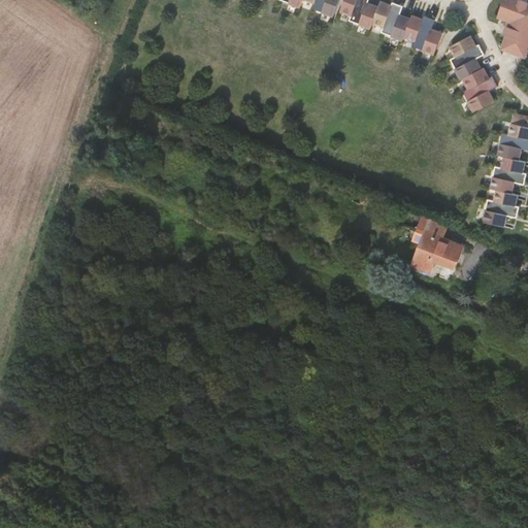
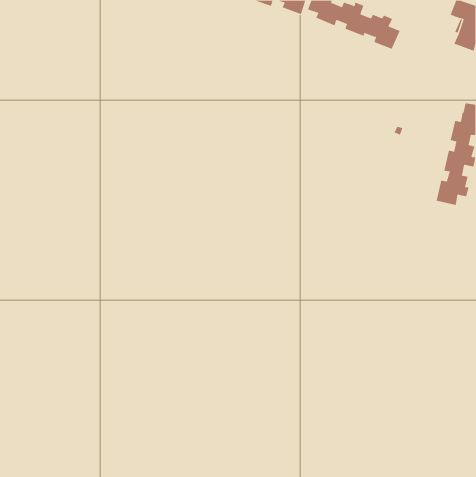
building: [450,36,497,111] -> none
building: [412,214,459,271] -> none

